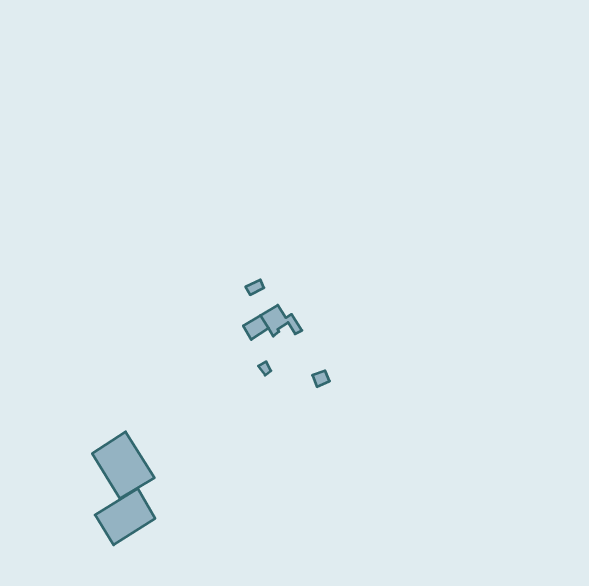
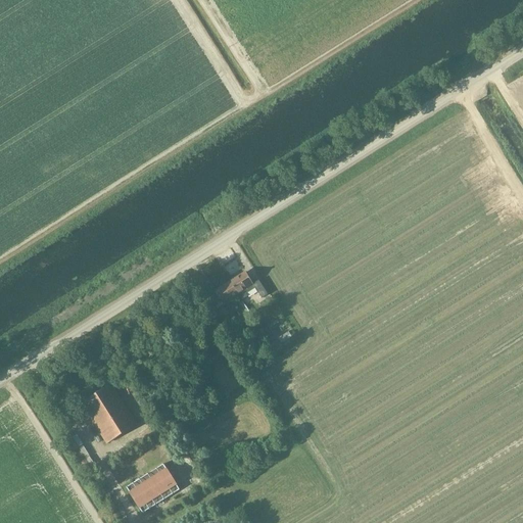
building: [95,488,155,545] -> [126,463,179,513]

